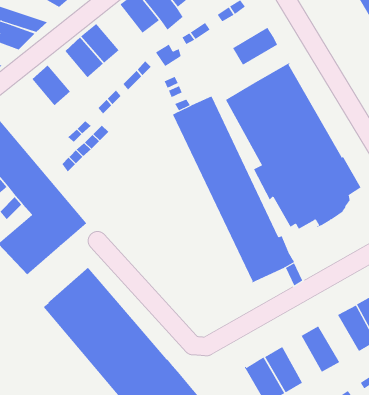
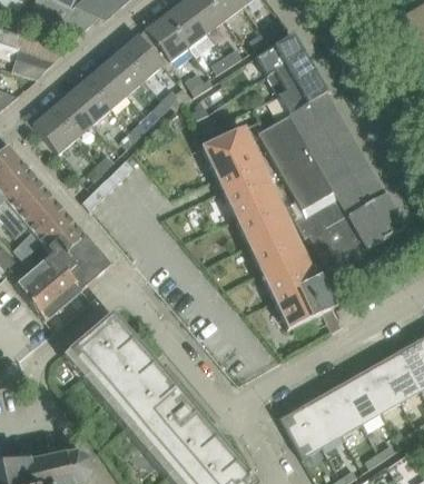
building: none -> [256,32,305,76]
building: none -> [121,33,164,78]
building: none -> [278,72,328,113]
building: none -> [69,79,111,122]
building: none -> [33,109,76,152]
building: none -> [359,362,403,413]
building: none -> [321,384,363,435]

